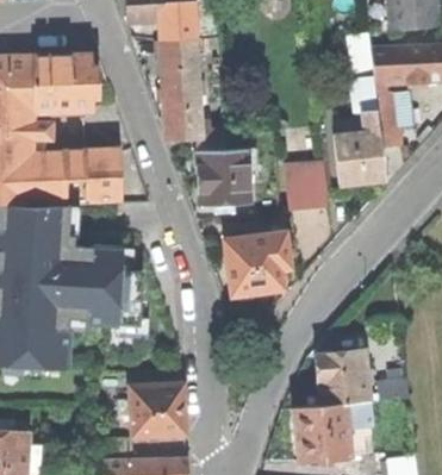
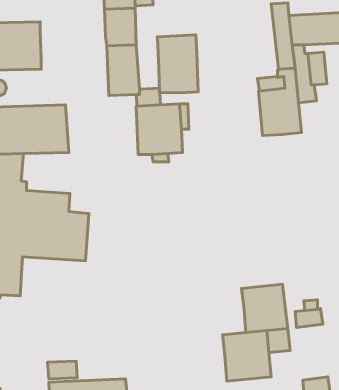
building: none -> [157,35,198,93]
building: [286,163,328,210] -> none
building: [222,232,288,301] -> none
building: [127,383,185,437] -> none

